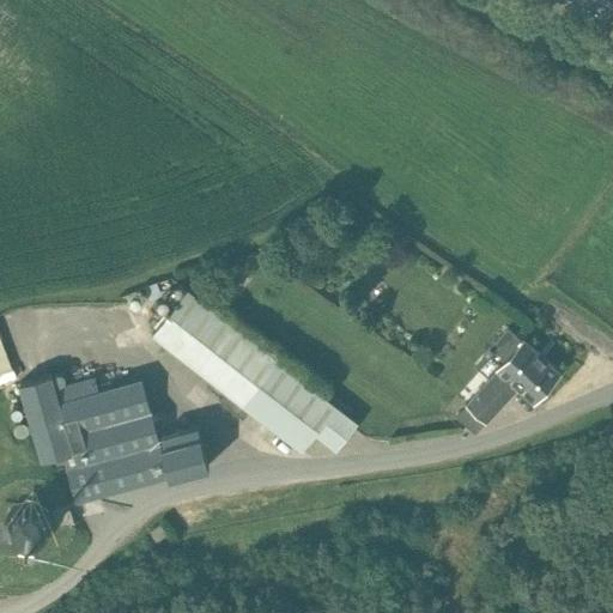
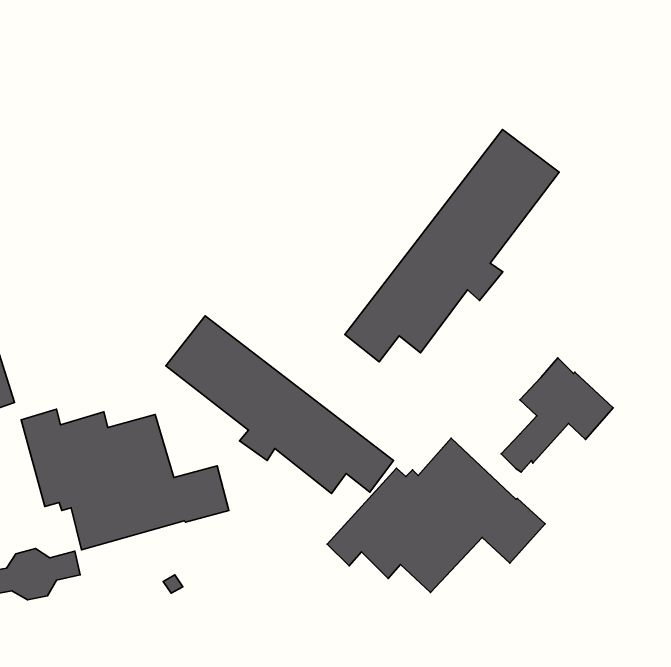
building: none -> [345,129,559,362]
building: none -> [327,438,545,593]

